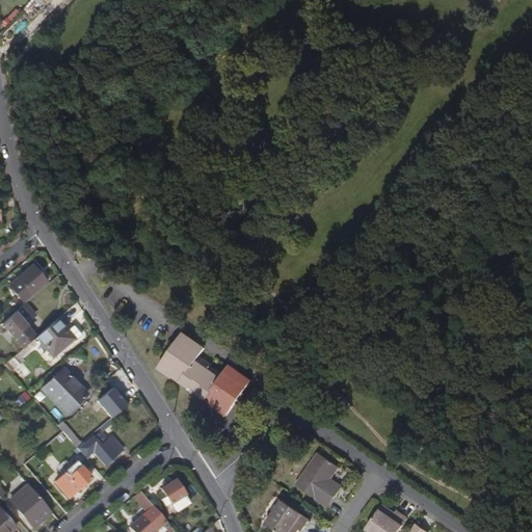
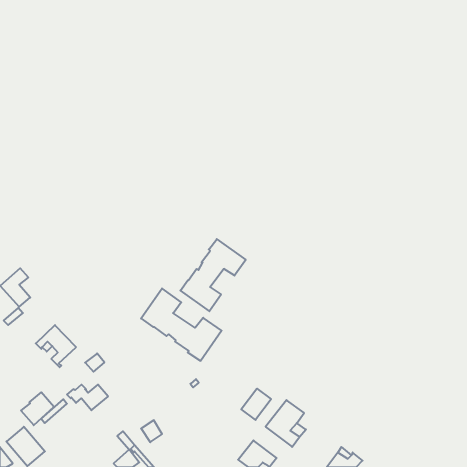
building: [7,265,45,302] -> none
building: none -> [180,239,246,311]
building: [35,319,73,356] -> none
building: none -> [241,389,271,420]
building: [54,460,91,498] -> [21,392,54,425]

